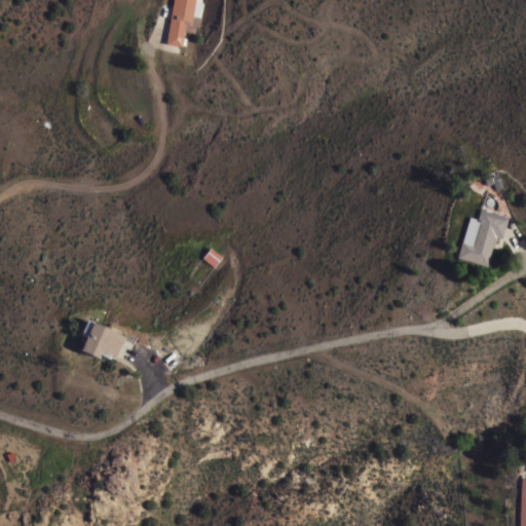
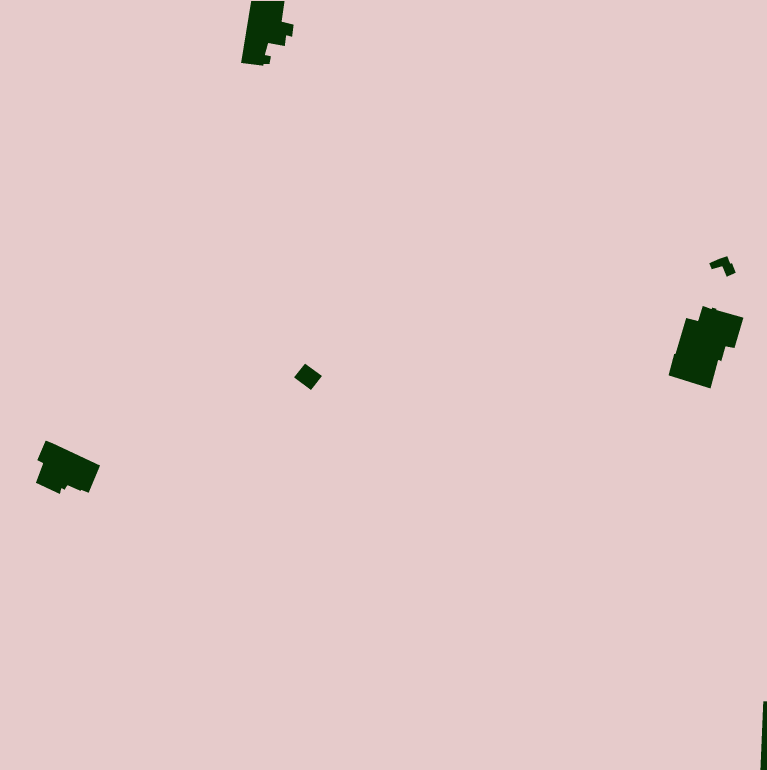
building: [79,320,124,358] -> [35,439,101,495]

